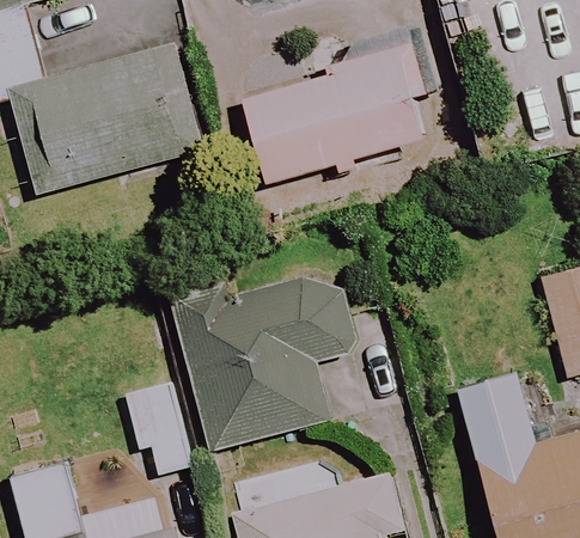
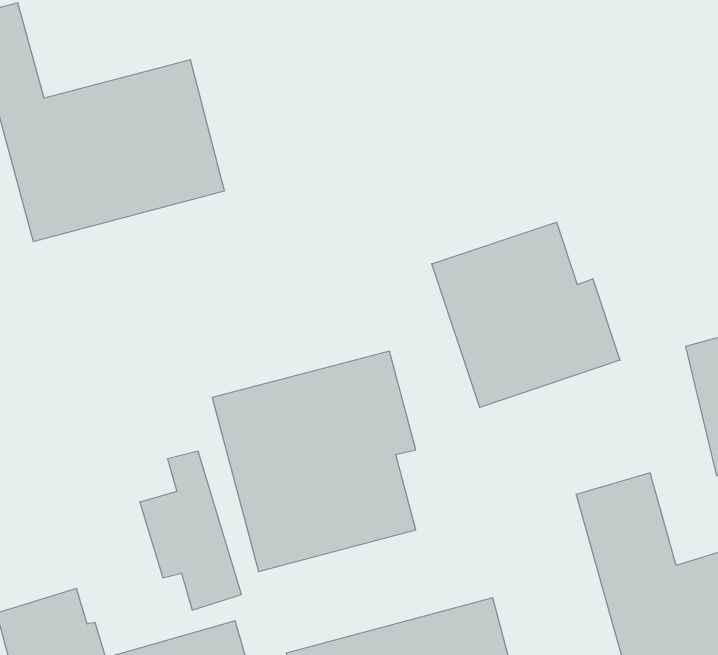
building: [240,45,425,188] -> none
building: none -> [432,222,620,408]

